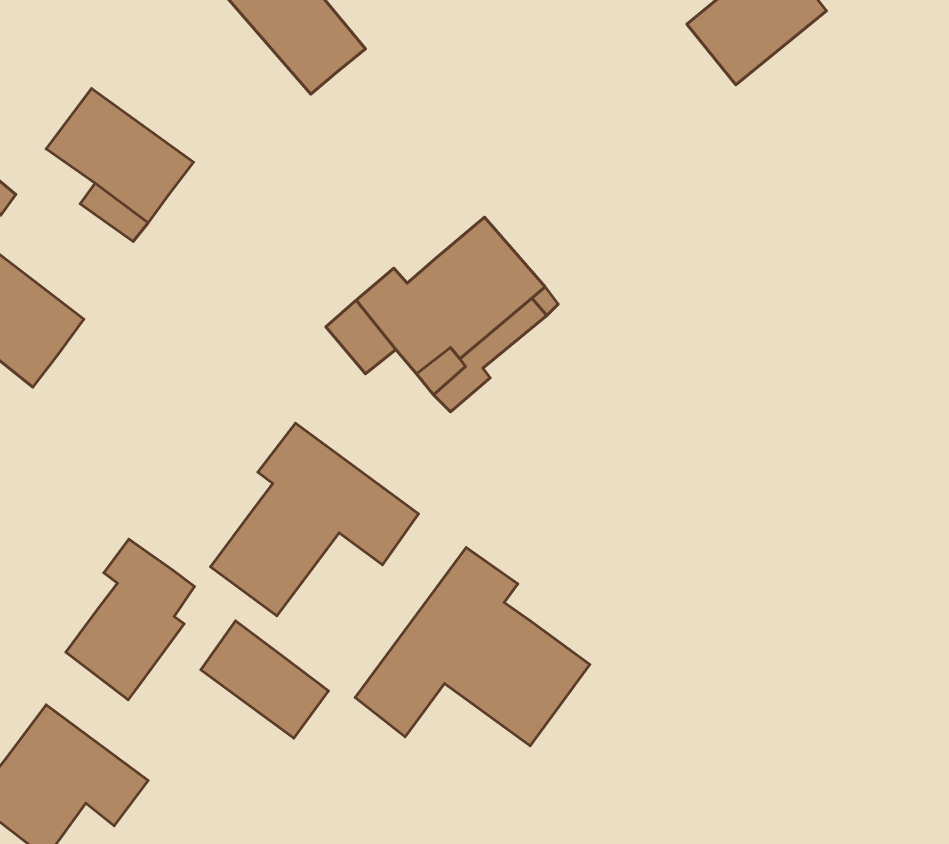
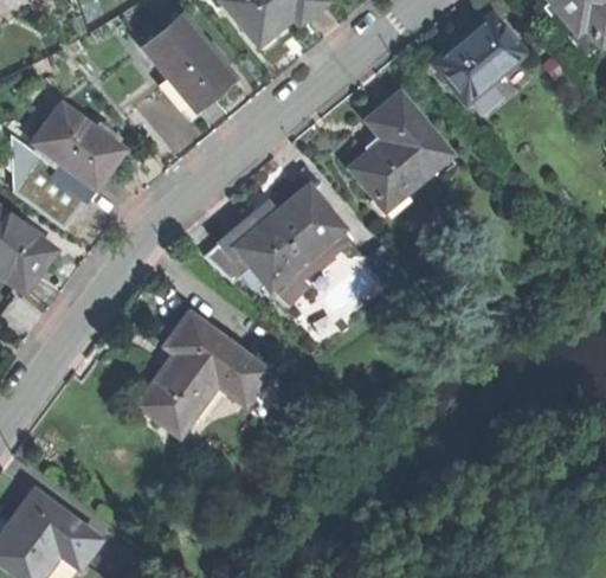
building: none -> [349,94,443,200]
building: [66,539,195,700] -> none
building: [355,547,590,746] -> none
building: [201,621,329,738] -> none

